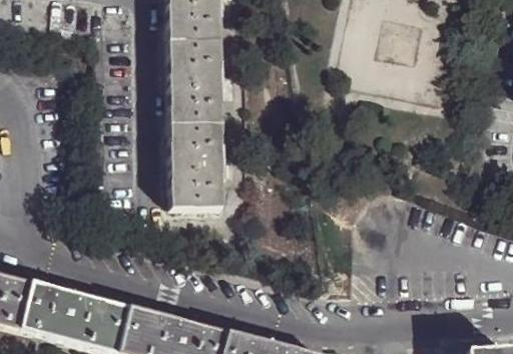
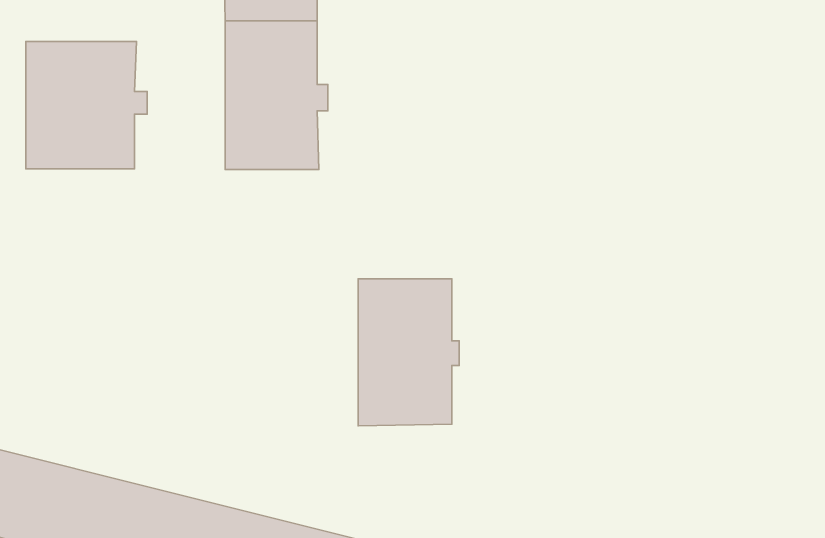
building: none -> [26,42,147,169]
building: [170,124,227,208] -> [358,279,459,426]

